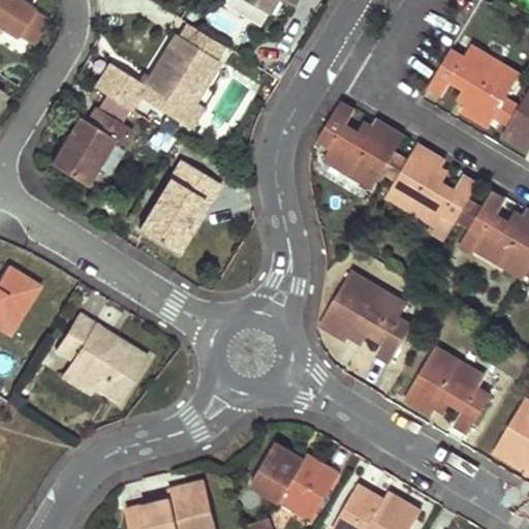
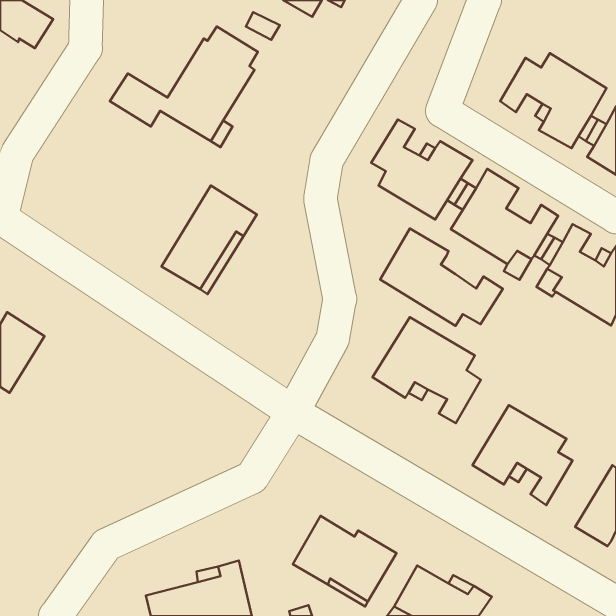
building: [50,106,131,185] -> none
building: none -> [380,229,503,326]
building: [55,313,147,402] -> none

